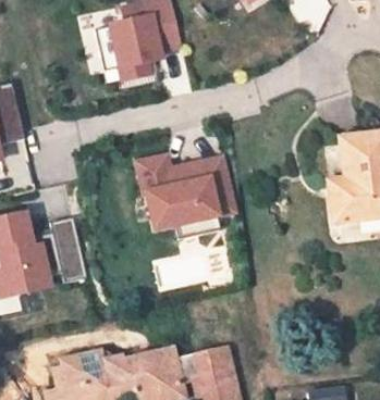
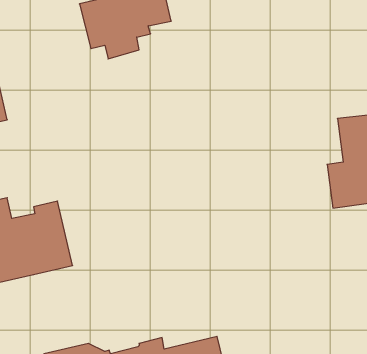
building: [136,154,235,239] -> none

